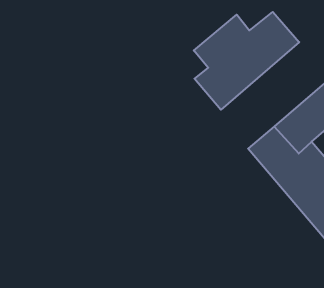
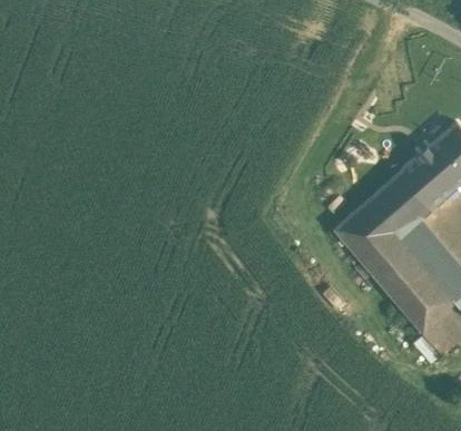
building: [194,12,299,110] -> none

